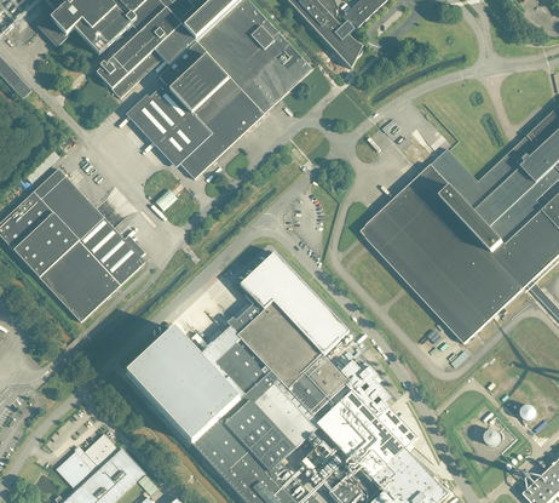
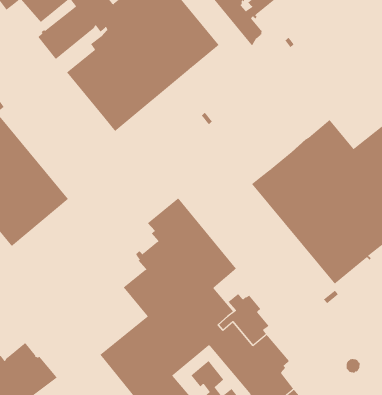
building: [126,325,244,442] -> none

